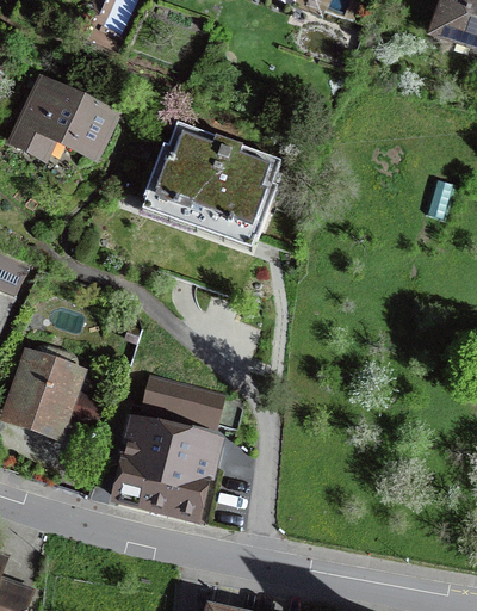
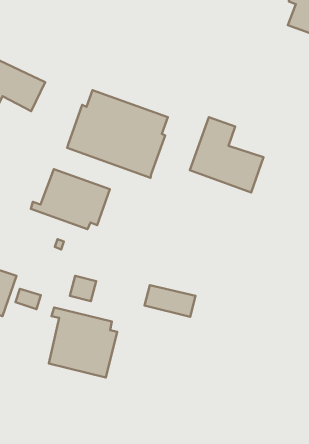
building: none -> [190,117,264,192]
building: none -> [31,169,110,229]
building: [173,383,242,426] -> [145,285,195,317]

